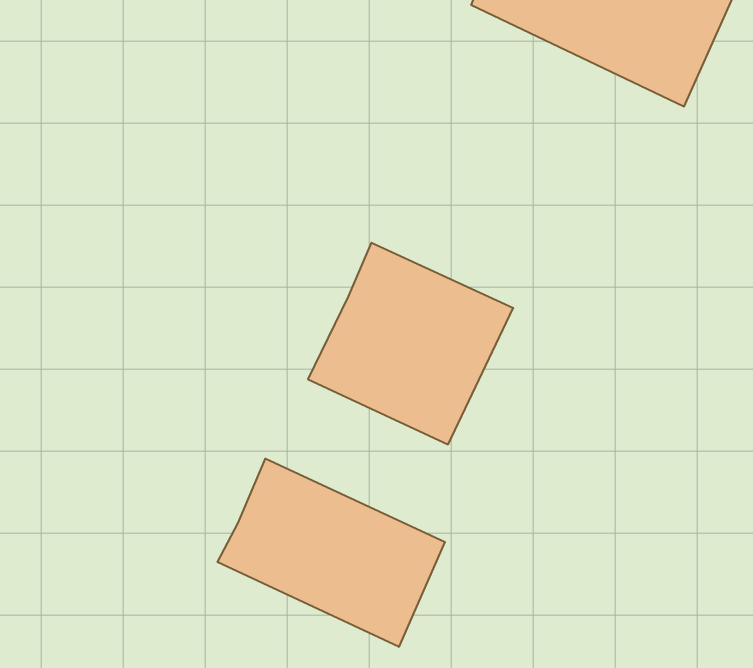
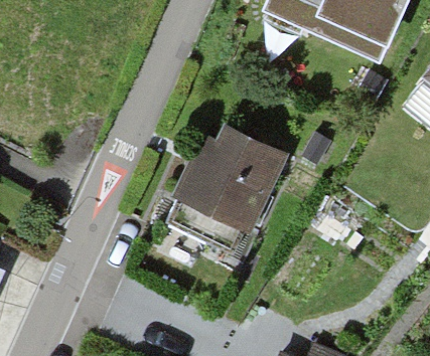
building: [217,459,445,647] -> none

